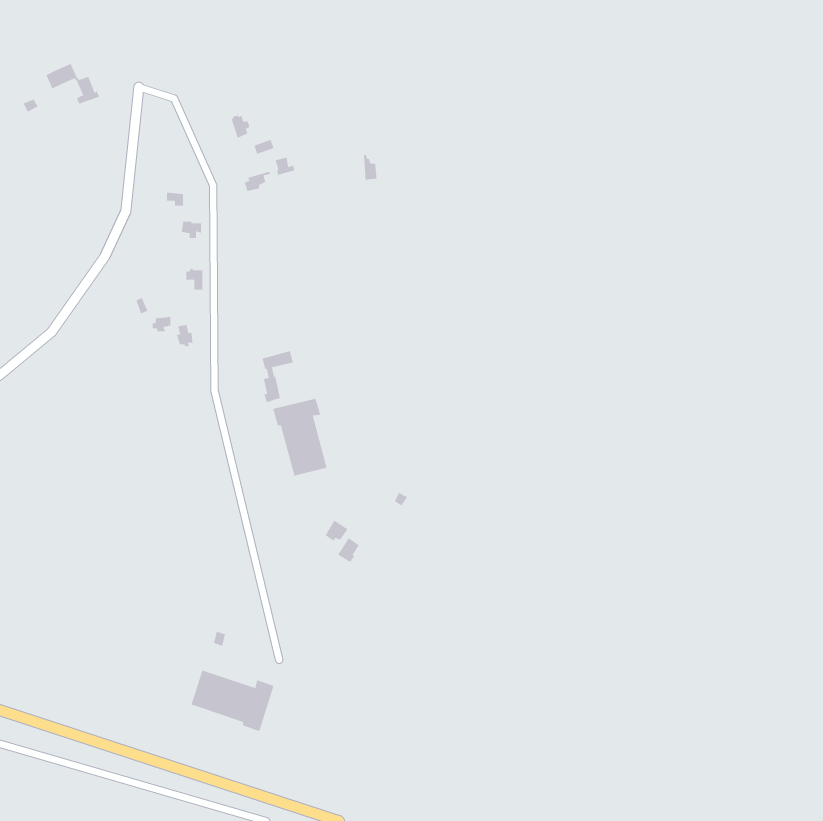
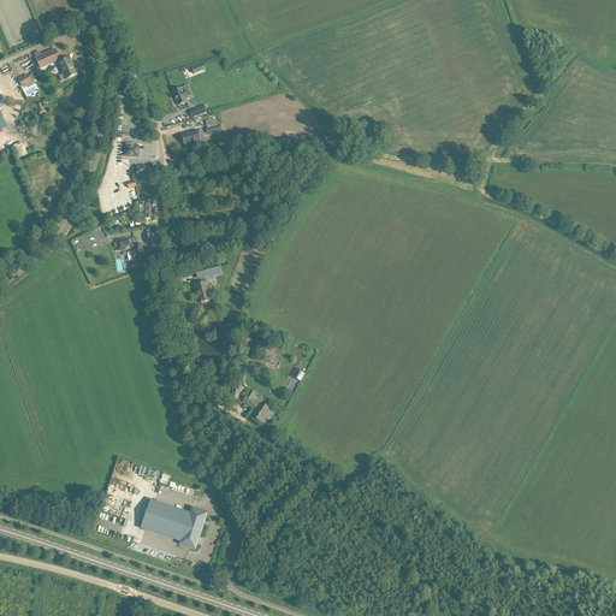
building: [272,398,327,476] -> none

